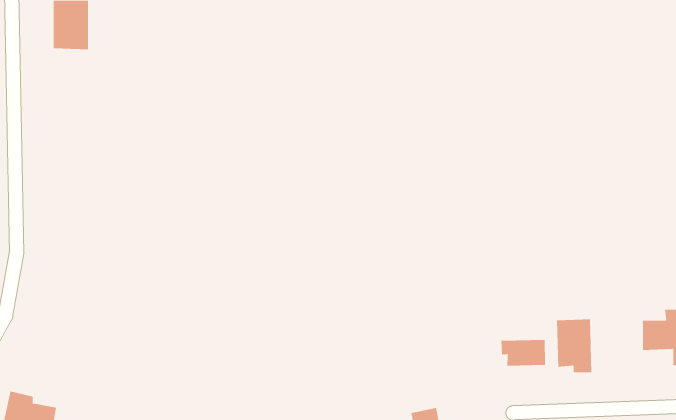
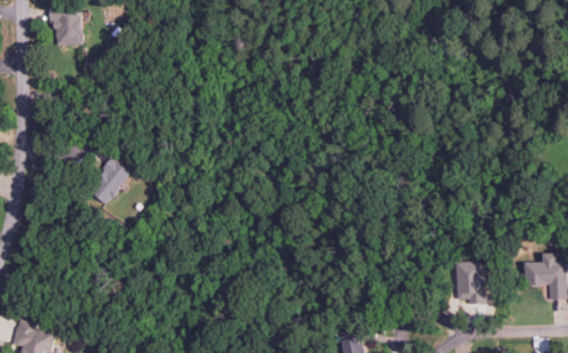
building: none -> [89,158,132,204]
building: [501,339,546,366] -> none

